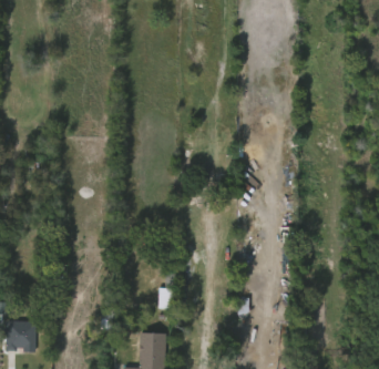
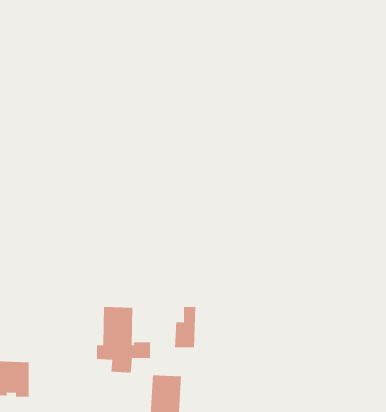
building: none -> [96,306,151,374]

